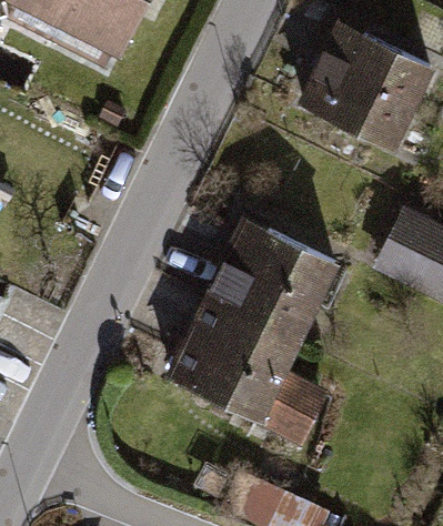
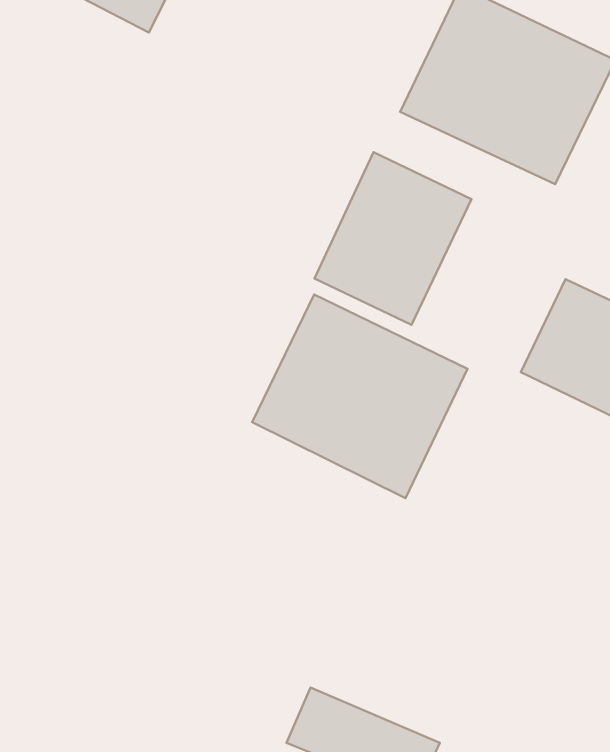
building: none -> [314,152,472,325]
building: [159,300,325,447] -> none

